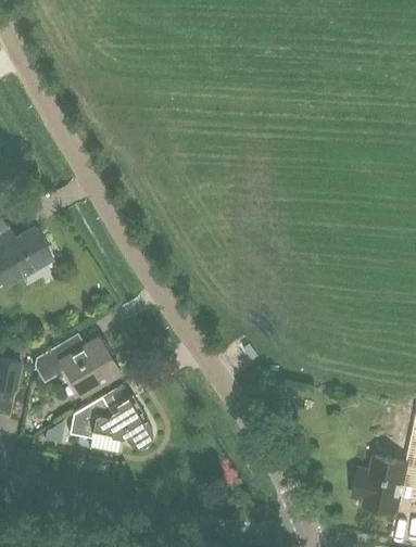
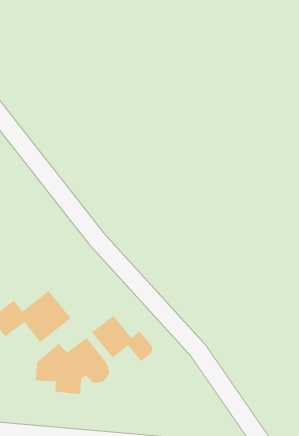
building: none -> [91,315,153,362]

